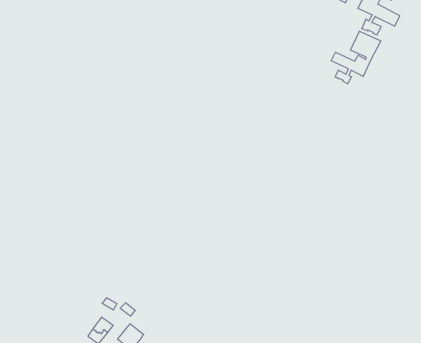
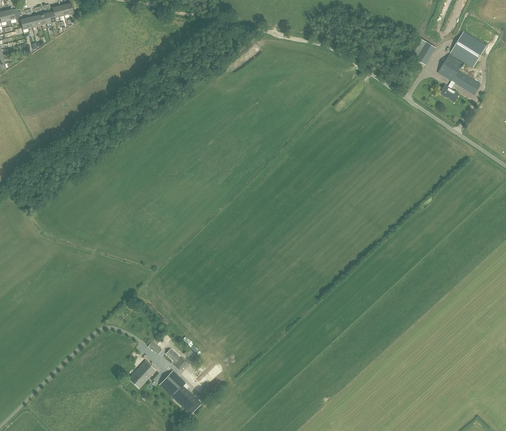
building: [331,31,381,84] -> none

